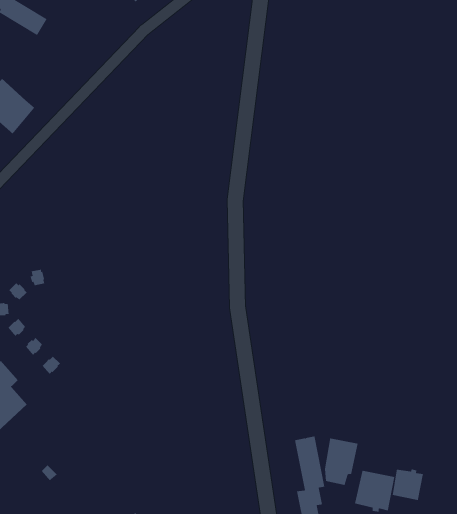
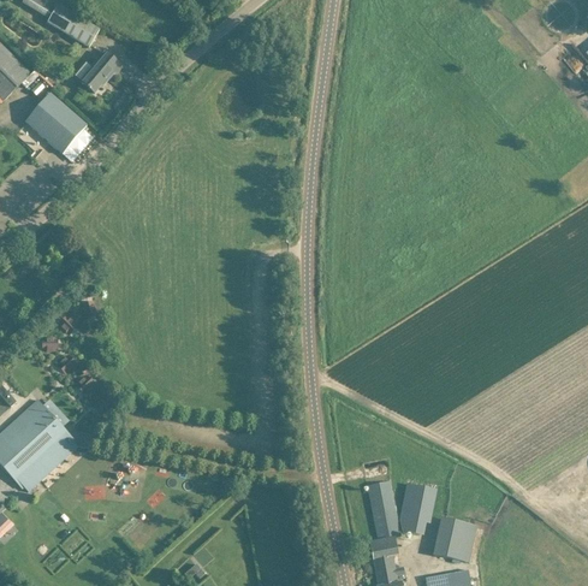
building: none -> [79,51,120,93]
building: [392,469,424,501] -> none

